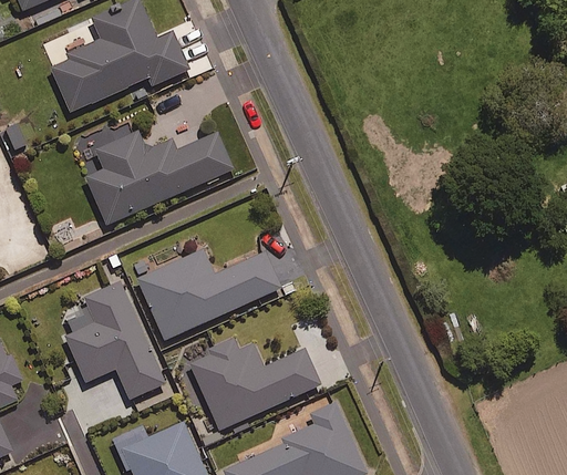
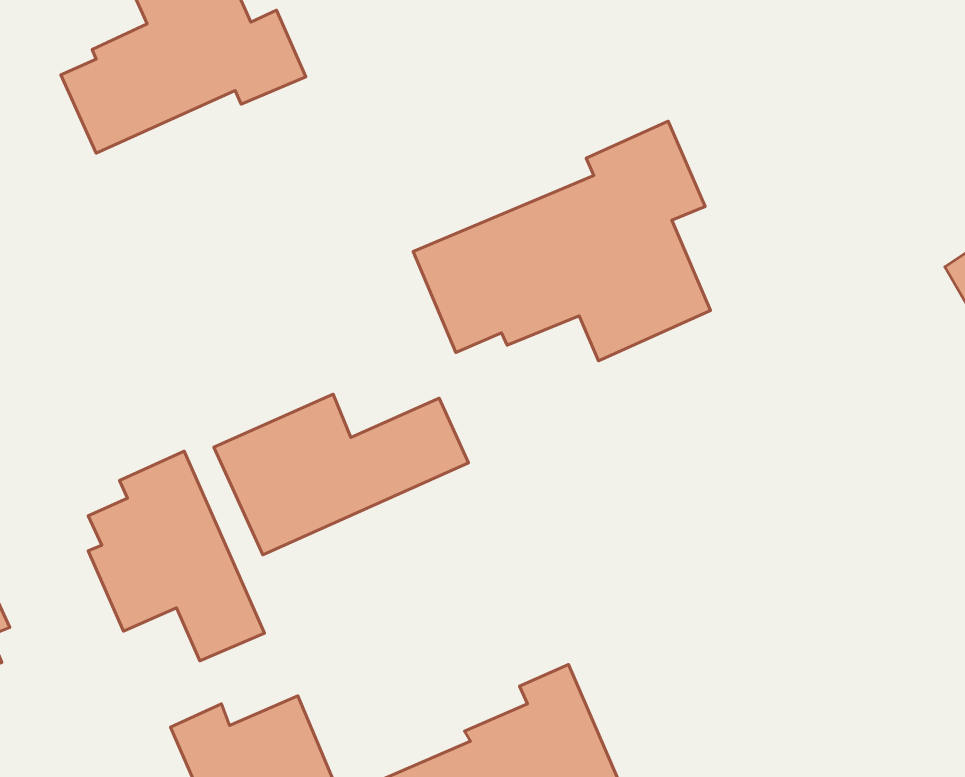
building: none -> [413,121,710,361]
building: [84,130,235,226] -> none
building: [188,333,320,431] -> none

